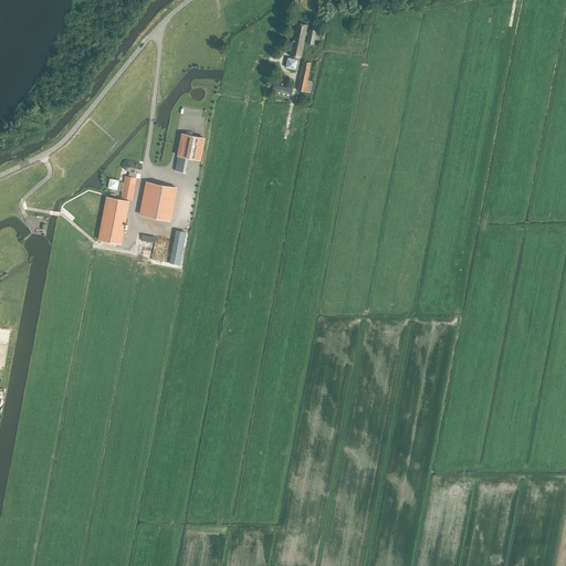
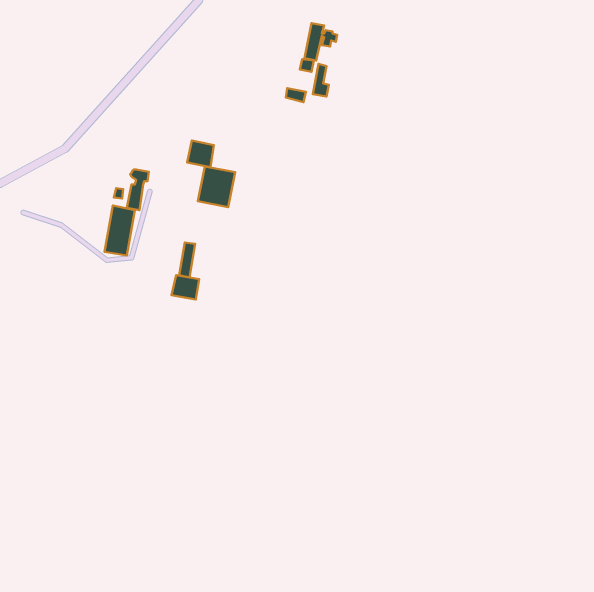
building: [140,182,176,221] -> [198,166,235,207]
building: none -> [172,275,199,299]

